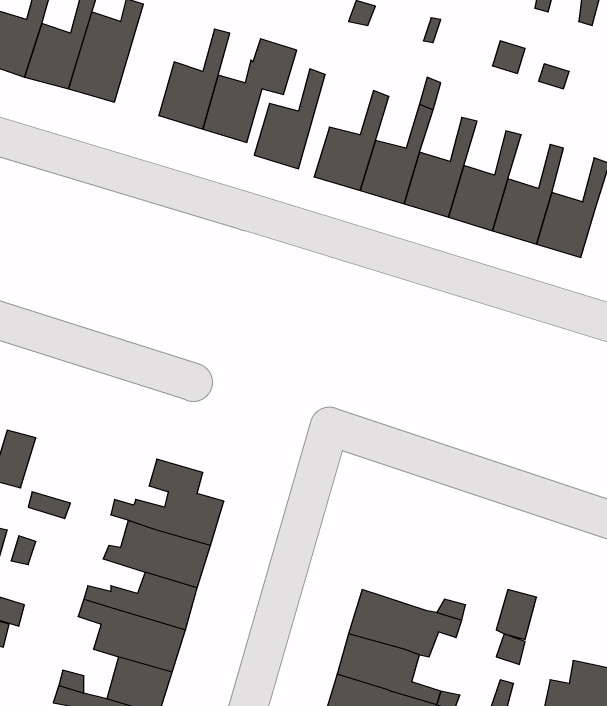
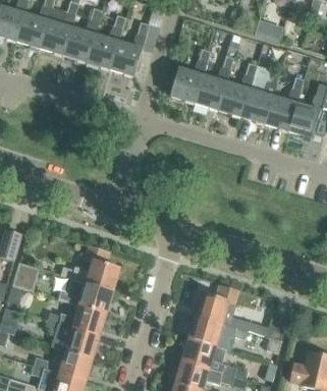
building: [254,69,325,169] -> [63,9,101,62]
building: none -> [195,285,239,325]

